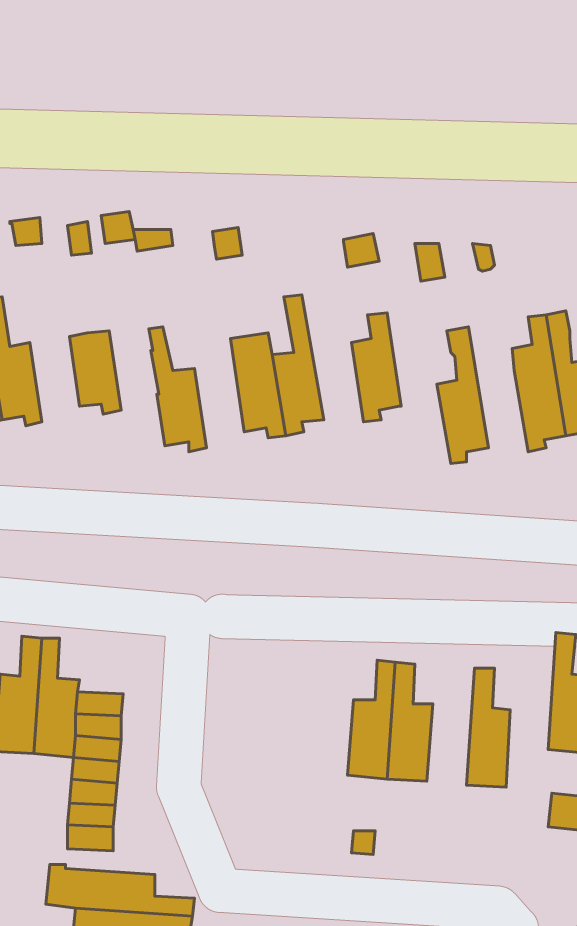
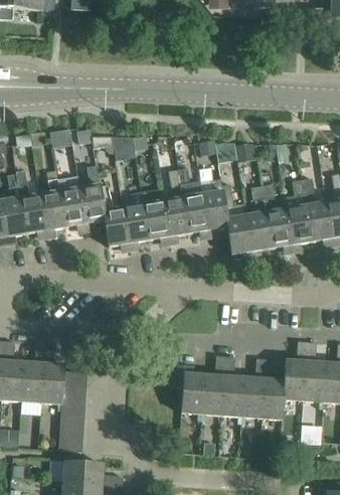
building: none -> [80,165,106,228]
building: none -> [178,168,209,236]
building: none -> [40,179,65,234]
building: none -> [222,184,253,258]
building: none -> [263,184,293,251]
building: none -> [124,192,149,248]
building: none -> [282,341,307,420]
building: none -> [241,358,266,419]
building: none -> [174,364,204,414]

